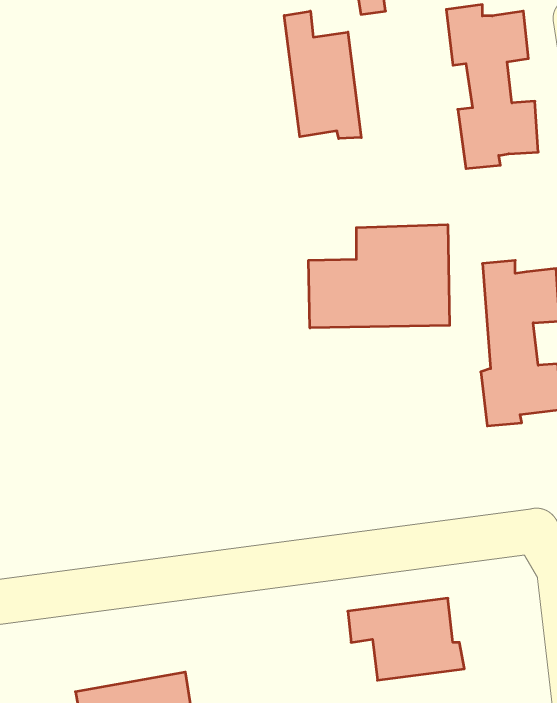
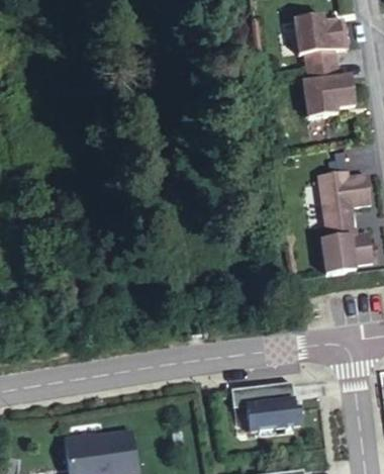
building: [284,11,361,139] -> none
building: [309,225,450,328] -> none

